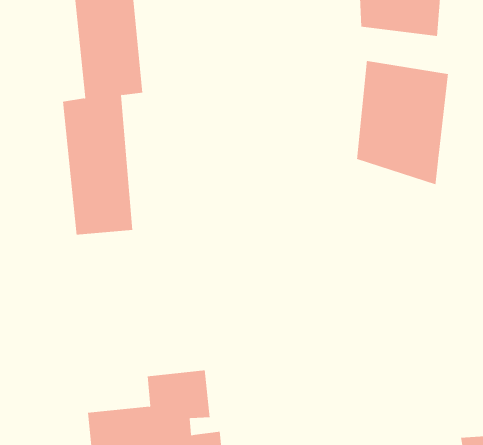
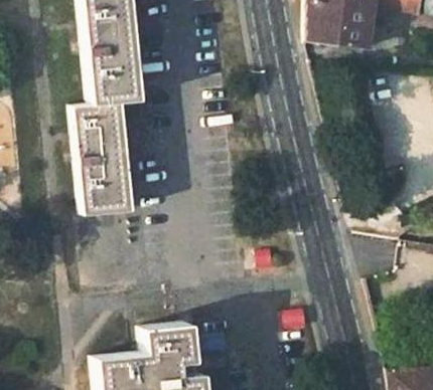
building: [356,60,449,185] -> none

